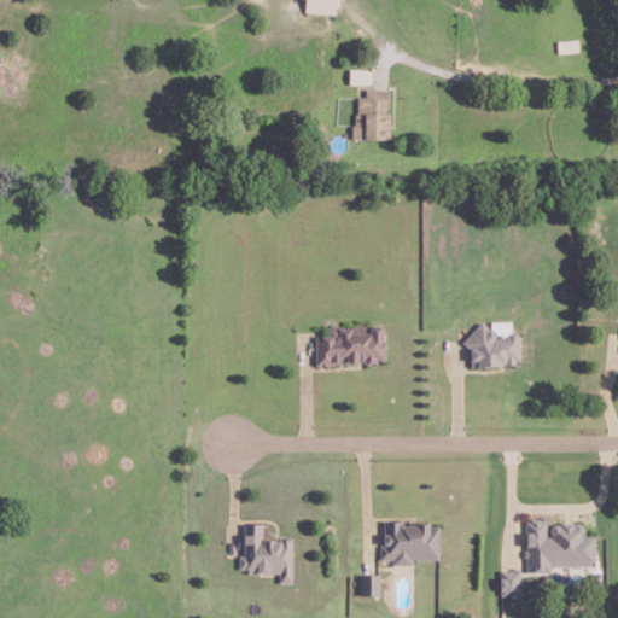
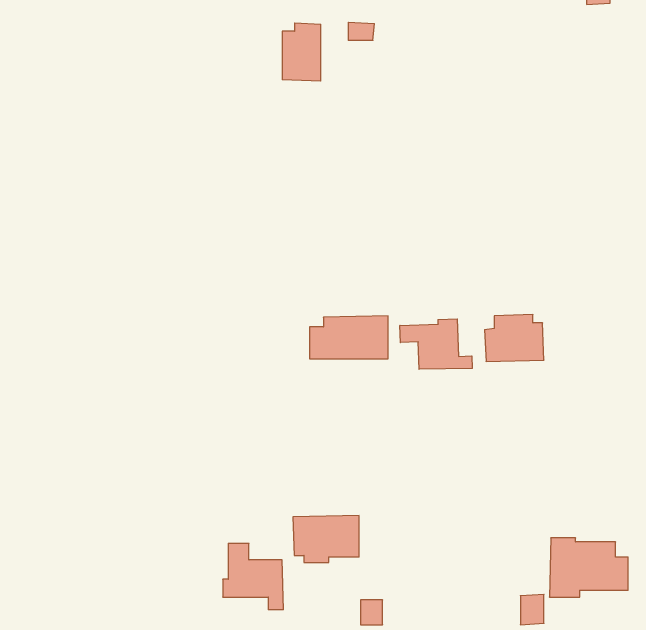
building: [355,91,389,141] -> [282,23,321,81]
building: none -> [400,319,472,369]
building: [381,525,439,566] -> [293,516,359,562]

